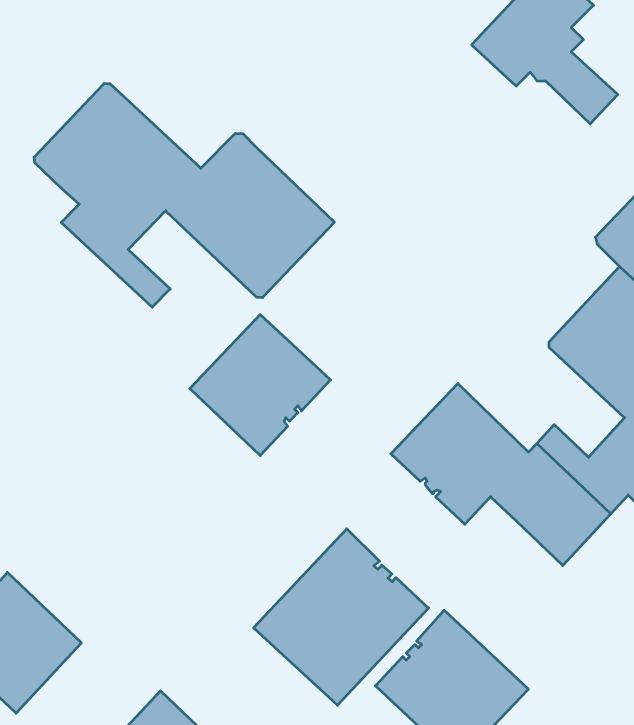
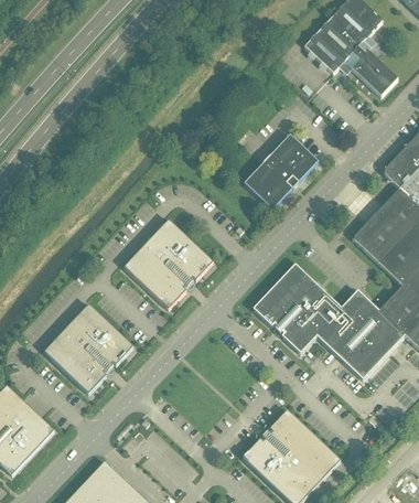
building: [34,83,334,307] -> none
building: none -> [244,133,319,210]
building: none -> [44,303,133,394]
building: [254,529,429,705] -> none

